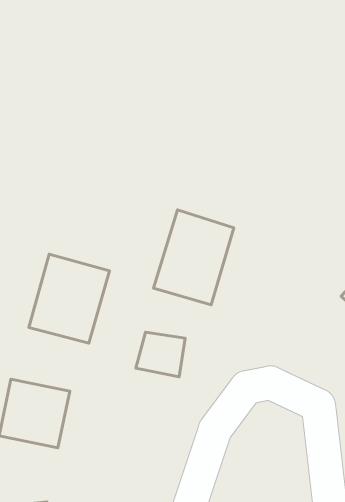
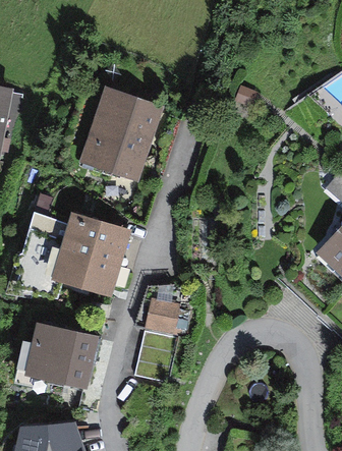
building: [153,210,234,305] -> [88,98,156,178]

